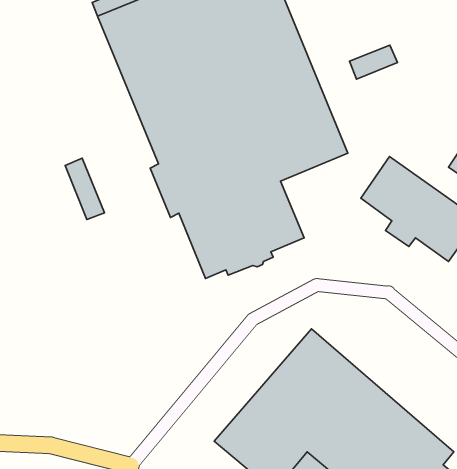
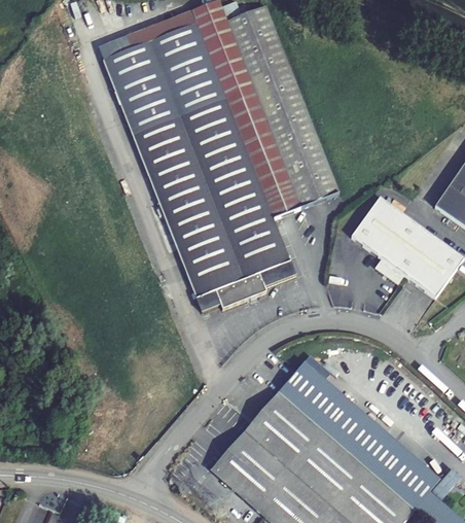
building: [350,45,397,79] -> none
building: [65,158,105,220] -> none

